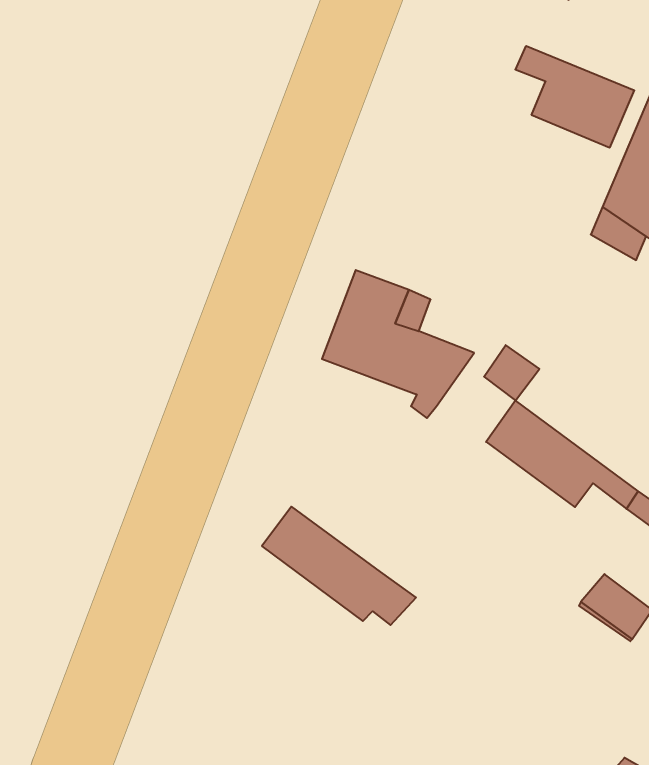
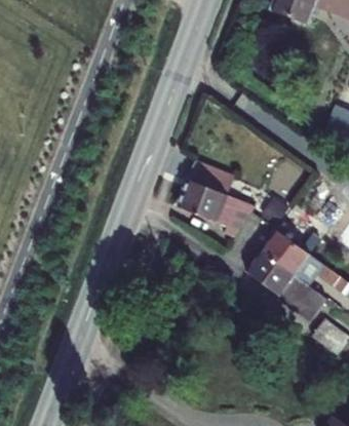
building: [515,46,634,148] -> none
building: [262,507,416,625] -> [247,253,327,314]

